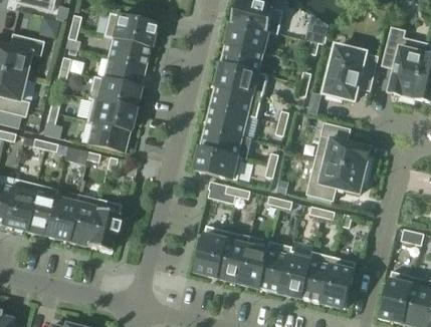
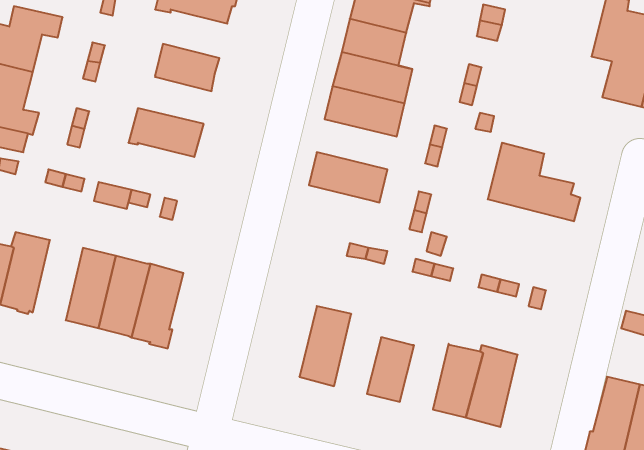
building: [107,36,149,67] -> none
building: [325,46,379,101] -> none
building: [87,75,139,109] -> none
building: [206,106,257,138] -> none
building: [86,121,128,152] -> none
building: [196,148,242,181] -> none
building: [307,157,371,201] -> none
building: [24,184,56,235] -> none
building: [217,231,250,282] -> none
building: [259,241,292,292] -> none
building: [324,257,356,308] -> none

